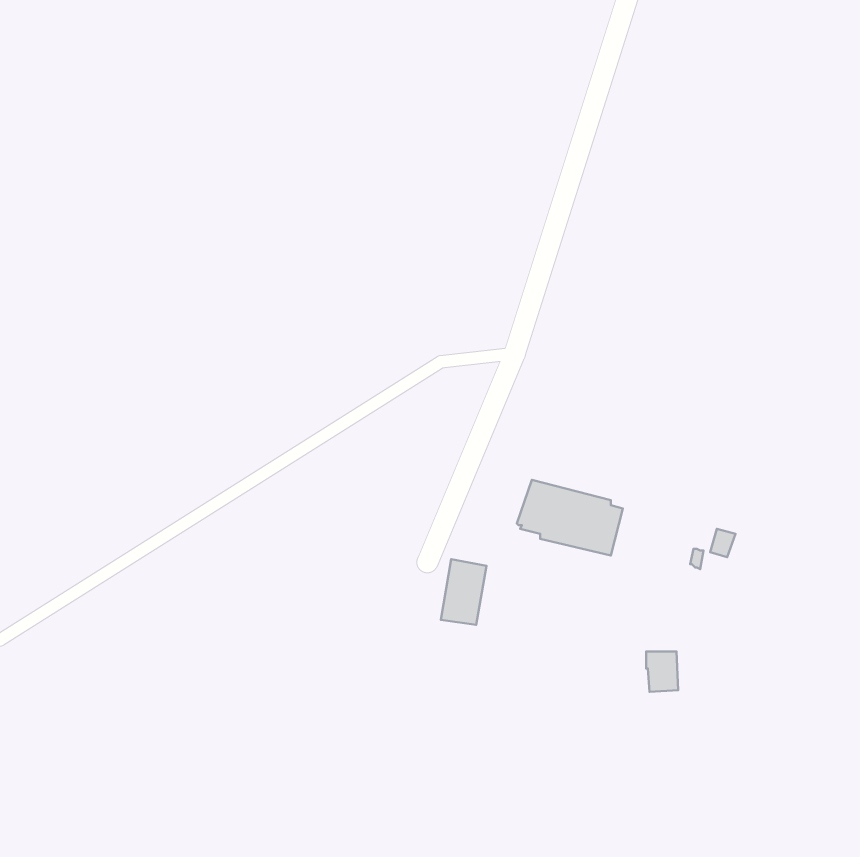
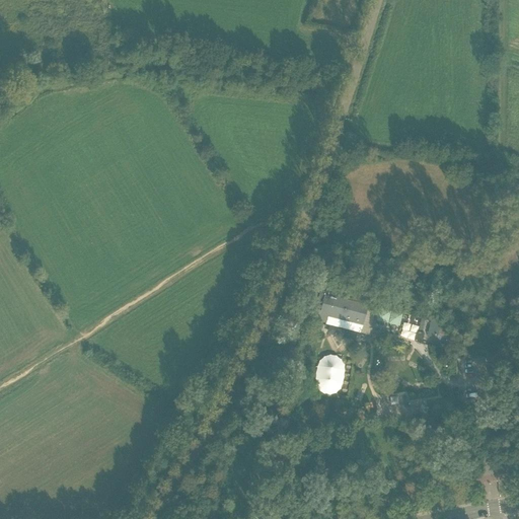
building: [441,559,486,625] -> [317,354,345,393]

